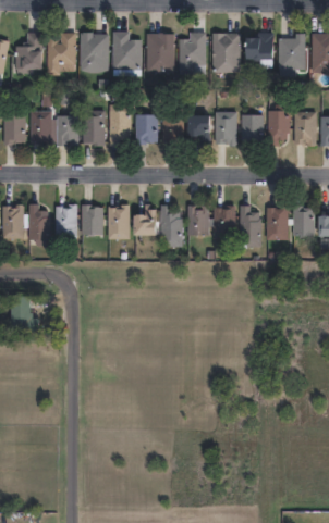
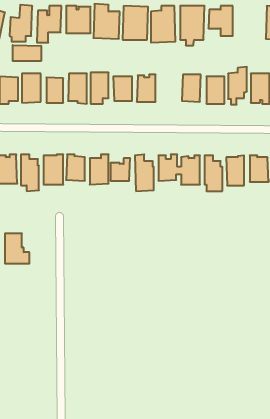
building: [279,33,305,75] -> none
building: none -> [13,45,41,61]
building: [186,114,208,141] -> none

